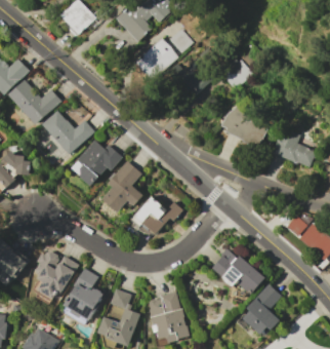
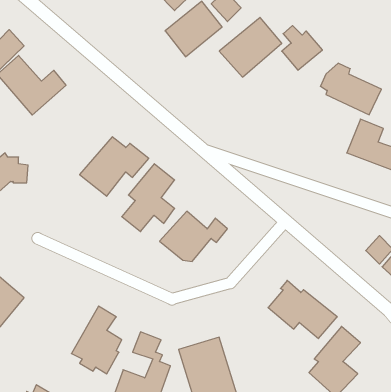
building: [221,107,267,146] -> [320,63,381,115]
building: [40,109,94,156] -> none
building: [36,250,79,298] -> none

